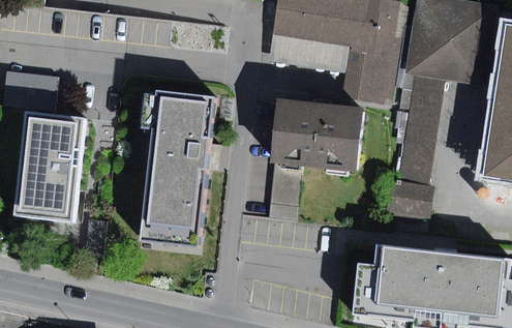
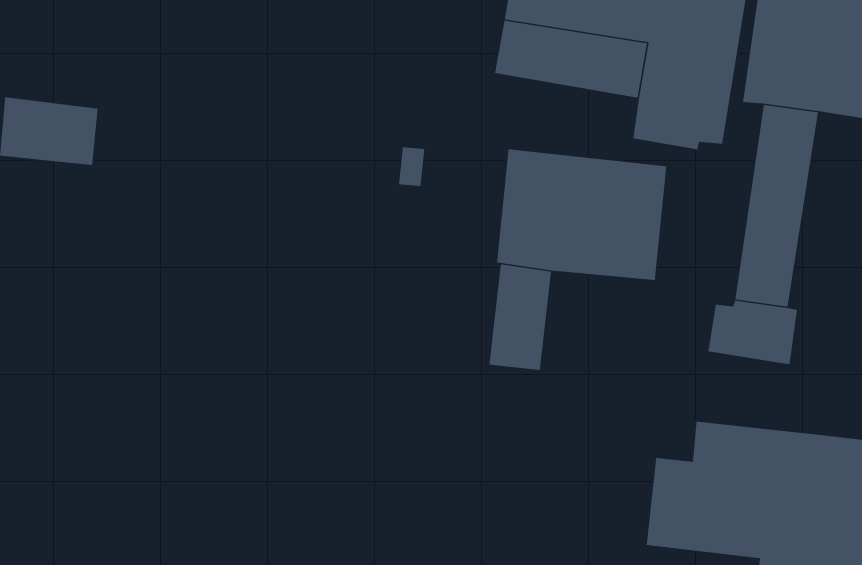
building: [143,90,213,243] -> none
building: [16,114,84,220] -> none

